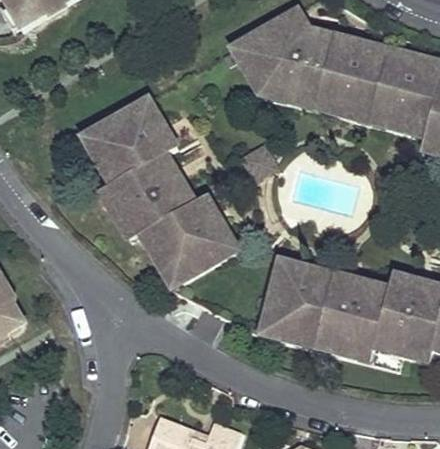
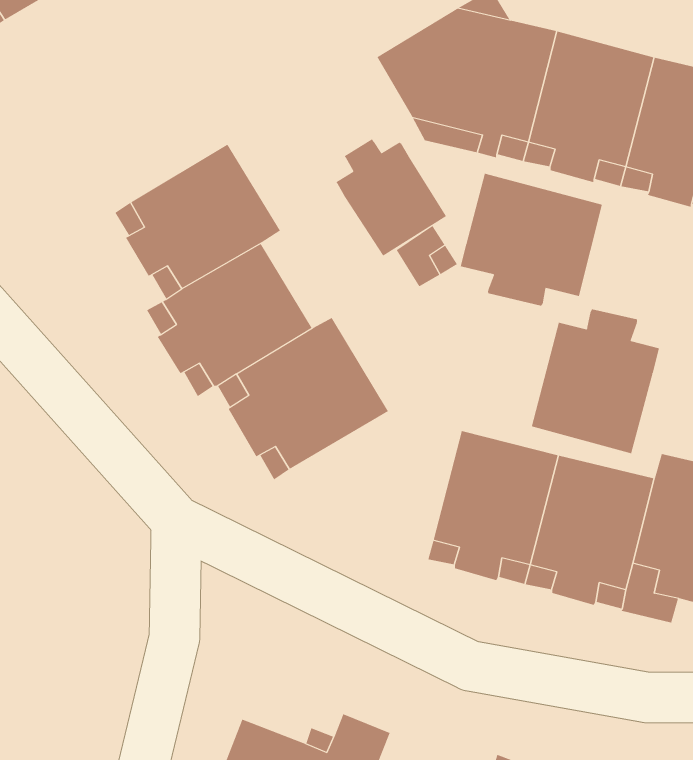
building: none -> [335,139,447,256]
building: none -> [460,173,603,306]
building: none -> [531,309,659,454]

